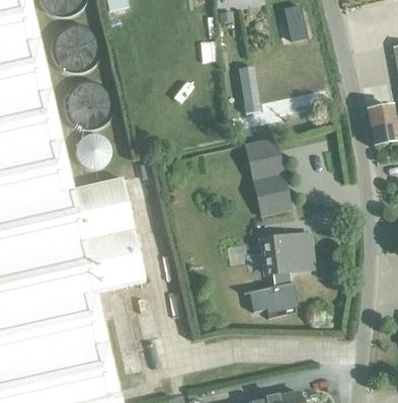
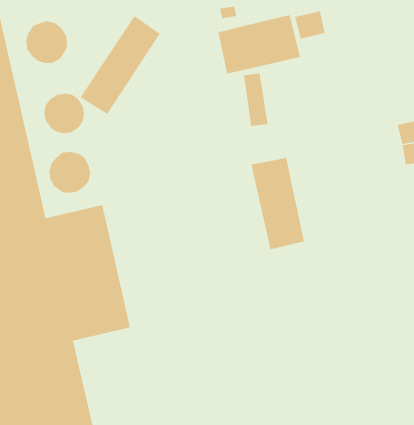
building: none -> [217,14,301,74]
building: none -> [79,15,161,115]
building: [249,236,312,318] -> none

